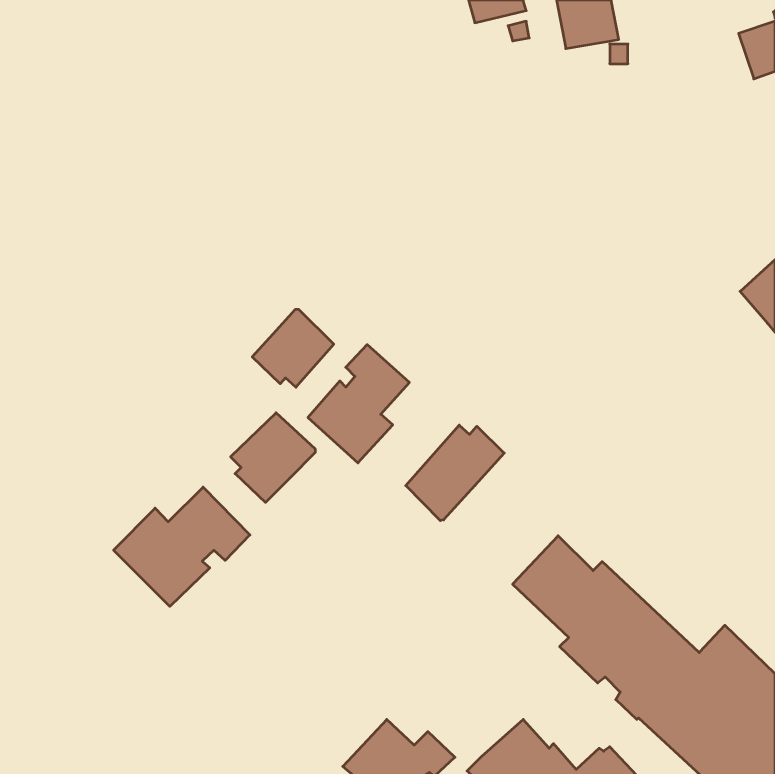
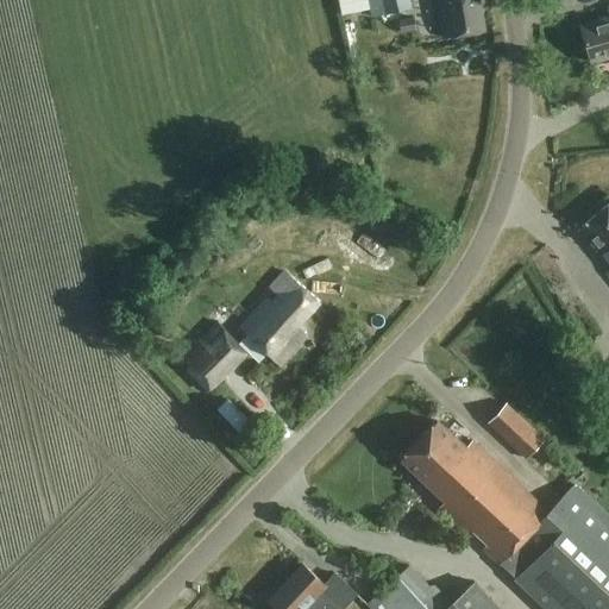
building: [252,309,334,387] -> none
building: [406,425,504,521] -> none
building: [114,487,250,606] -> none
building: none -> [488,403,546,460]

